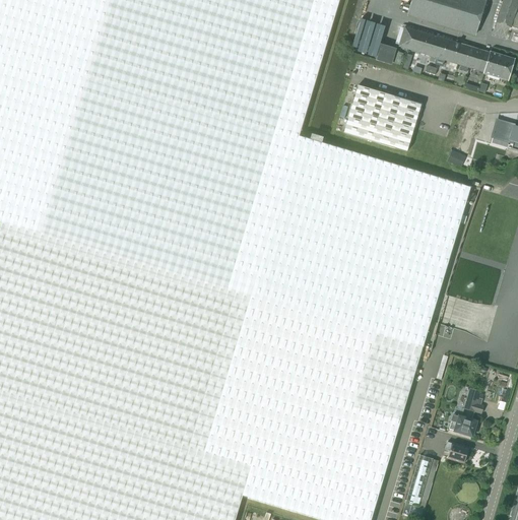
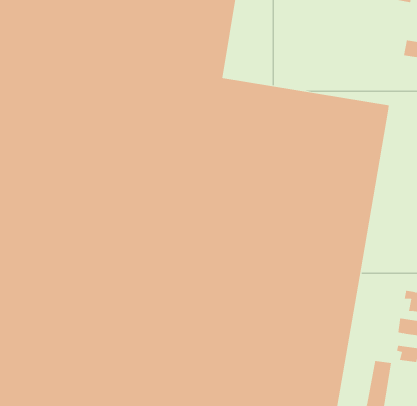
building: [343,86,420,152] -> none

